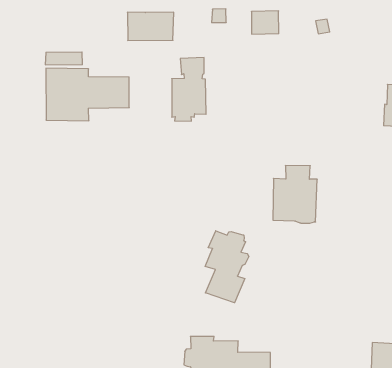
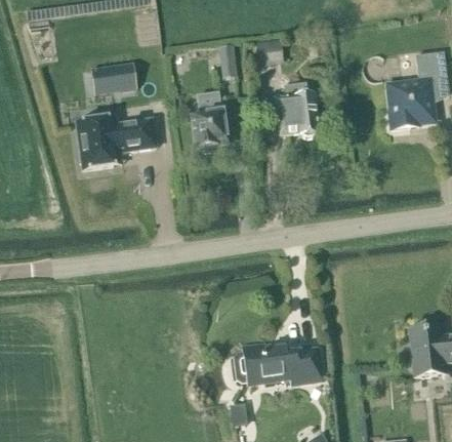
building: [127,12,174,40] -> [91,63,136,94]
building: [273,166,317,223] -> [274,83,318,137]
building: [205,231,249,303] -> none

